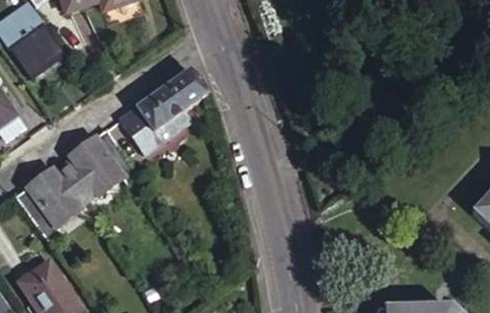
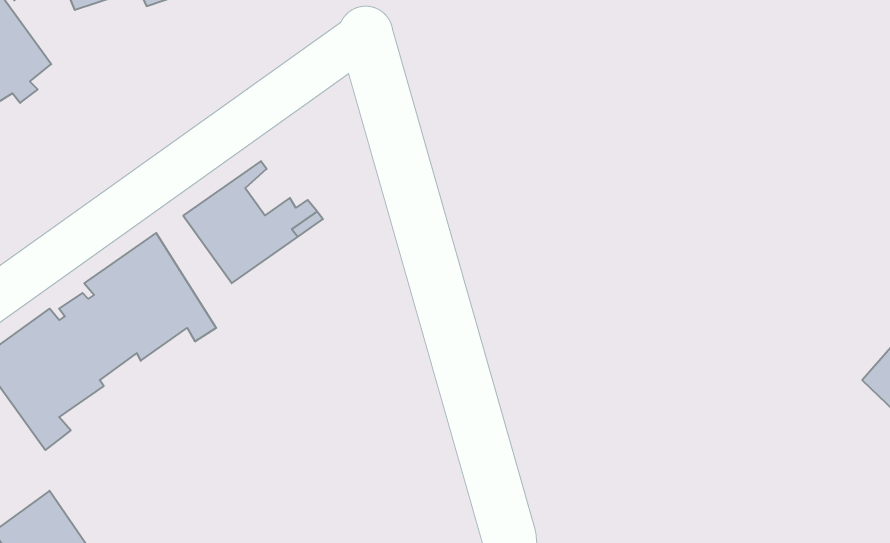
building: [152,68,206,118] -> none

